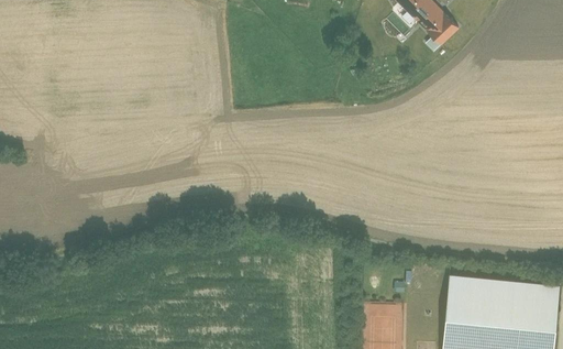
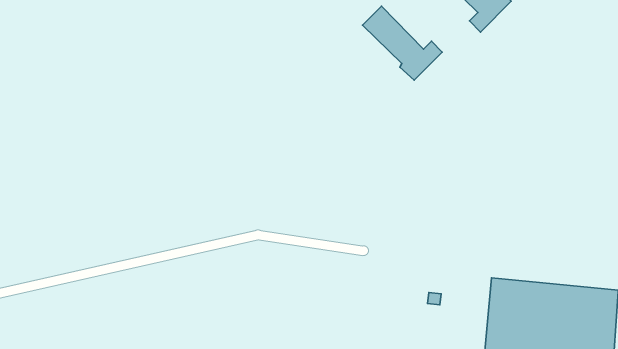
building: none -> [362,6,442,80]

